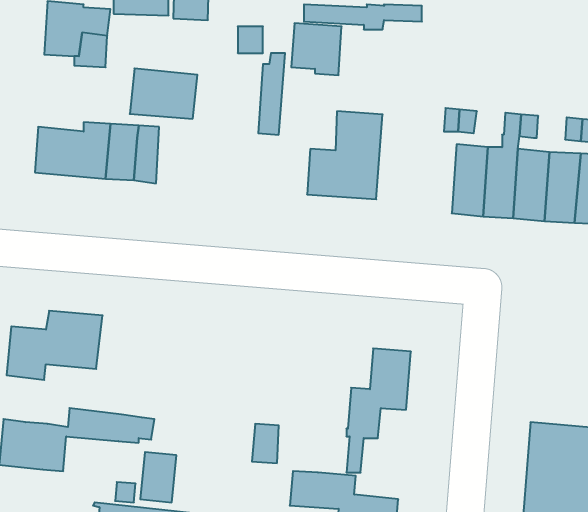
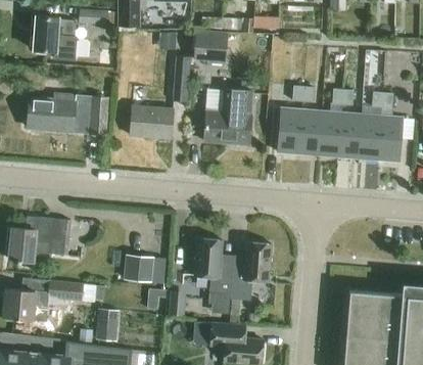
building: [130,68,197,119] -> [130,105,174,138]
building: none -> [278,107,301,153]
building: none -> [195,237,233,314]
building: none -> [124,255,167,284]

